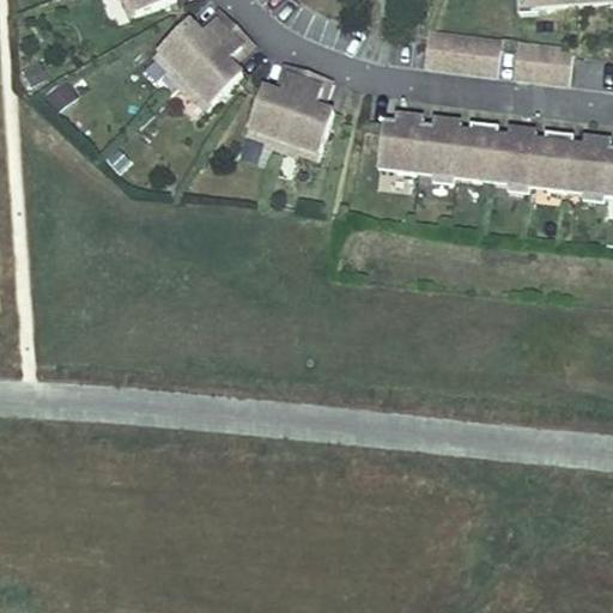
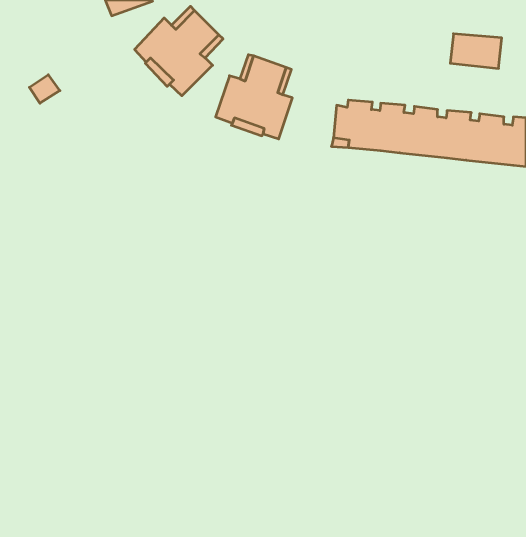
building: [423,29,499,71] -> none

